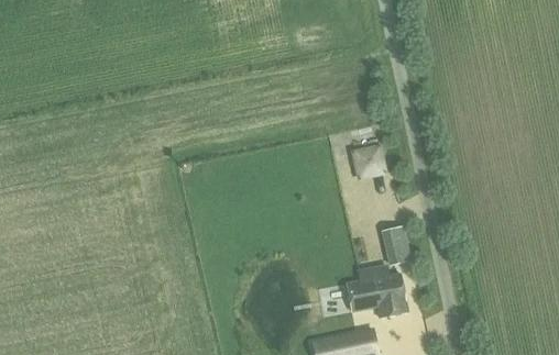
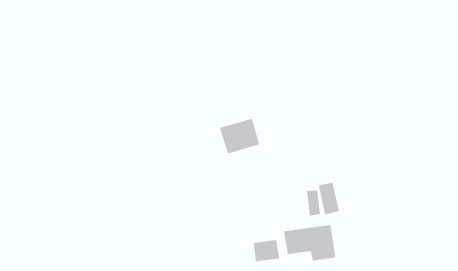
building: [348,140,395,181] -> [219,118,260,154]
building: none -> [253,239,280,262]

